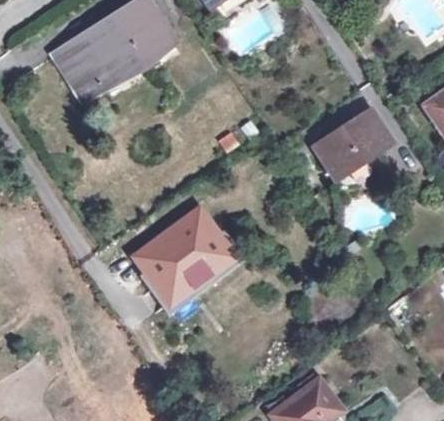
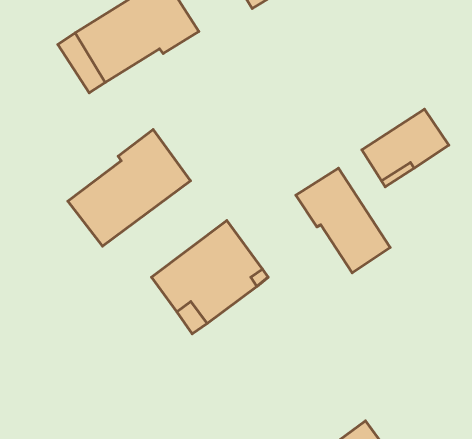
building: none -> [68,130,190,246]
building: none -> [296,168,390,273]

